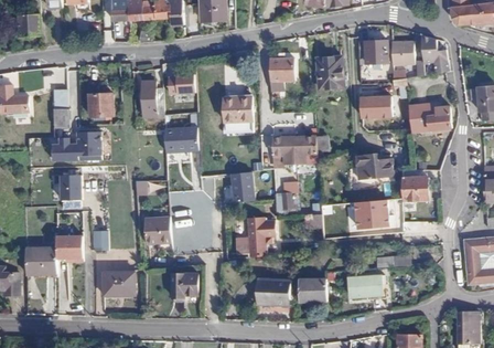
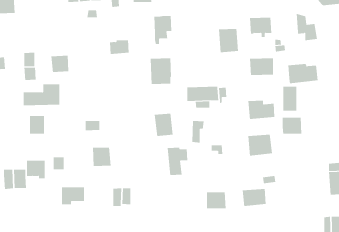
building: [390,40,414,64] -> none
building: [269,57,294,97] -> [153,15,172,45]
building: [141,81,163,117] -> none
building: [164,126,198,152] -> none
building: none -> [283,86,297,112]
building: [256,280,289,306] -> none

